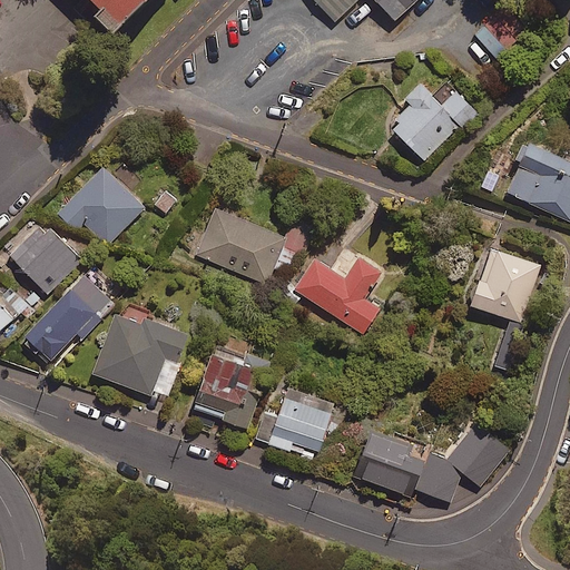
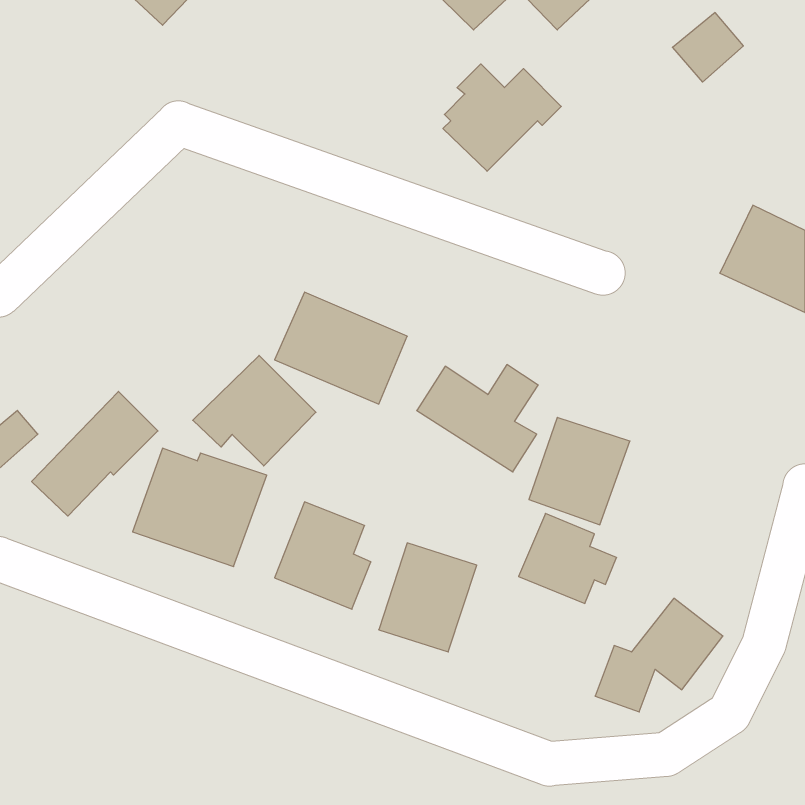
building: [393,83,476,159] -> [443,64,561,171]
building: [57,167,144,245] -> [193,355,316,466]
building: [11,224,81,294] -> none
building: [470,247,541,323] -> [529,417,630,525]
building: [356,431,425,494] -> [519,513,617,603]

